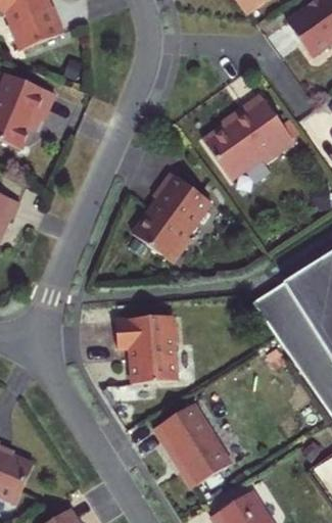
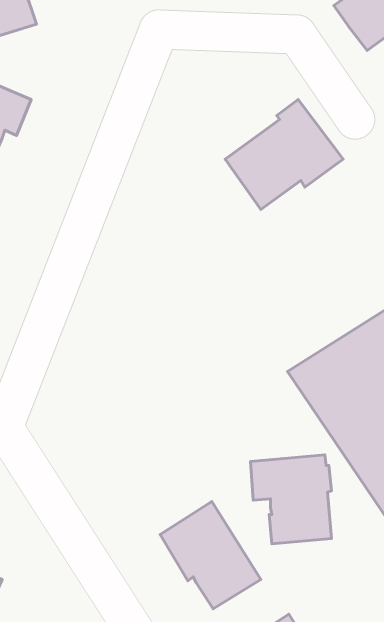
building: [131,173,212,265] -> none
building: [115,312,178,380] -> [251,455,332,544]

